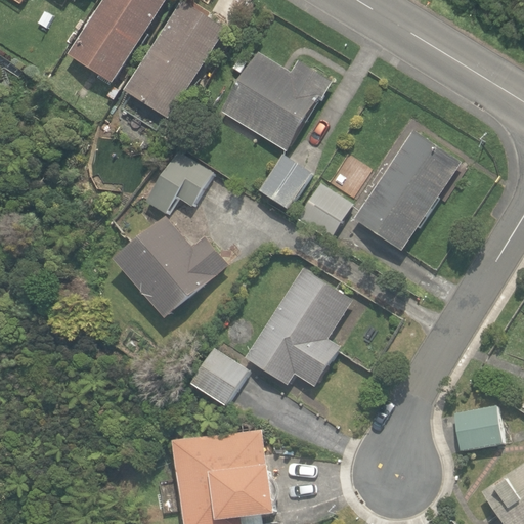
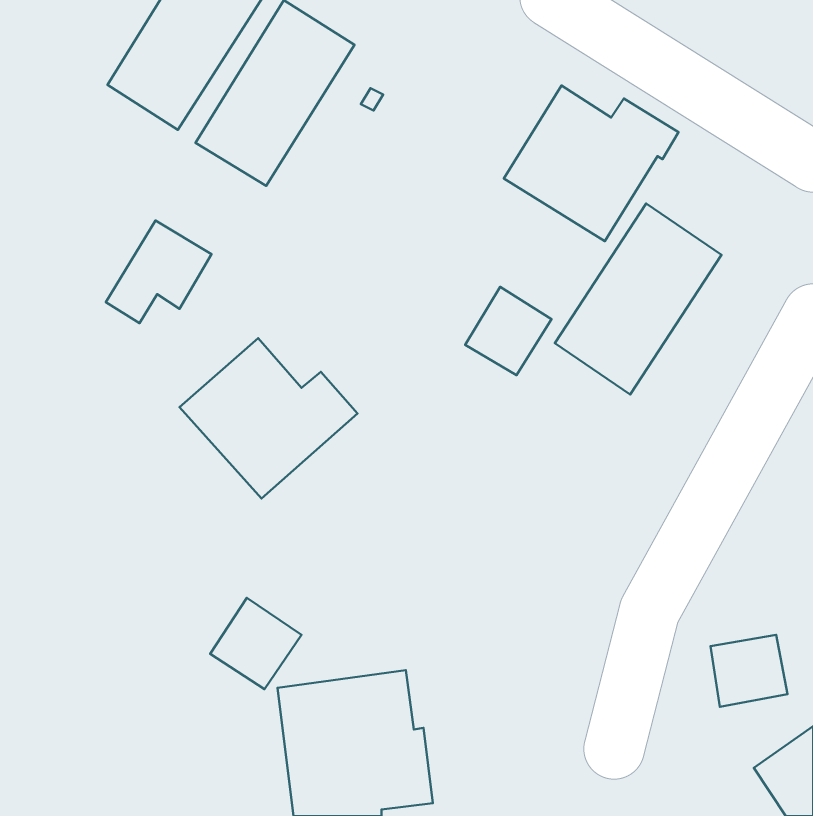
building: [221,52,333,151] -> [504,86,678,241]
building: [144,149,212,215] -> [106,221,212,323]
building: [258,155,311,210] -> none
building: [245,268,351,386] -> none
building: [190,347,249,405] -> [210,598,301,689]

